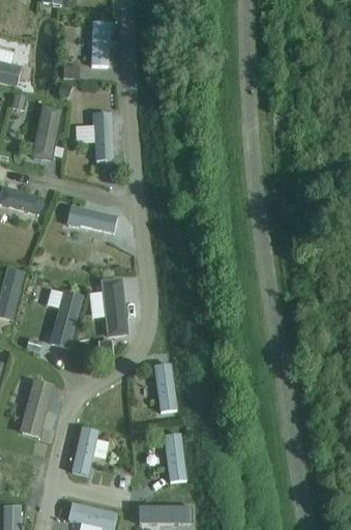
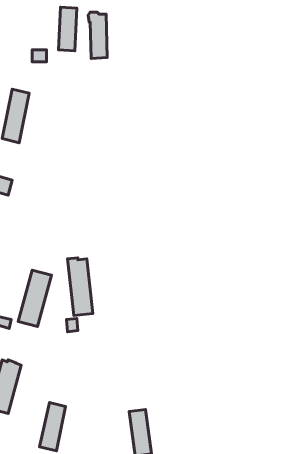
building: [92,112,112,159] -> [88,12,107,59]
building: [67,205,117,231] -> none
building: [154,362,177,411] -> none

